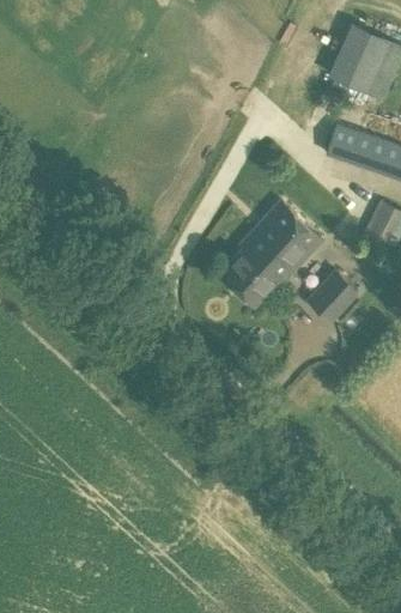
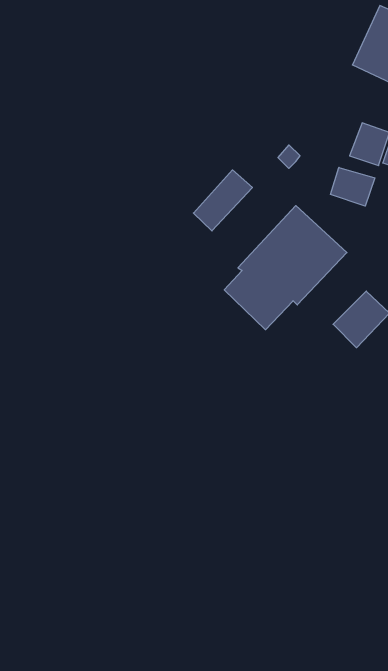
building: none -> [330,167,375,206]
building: none -> [193,170,252,231]

